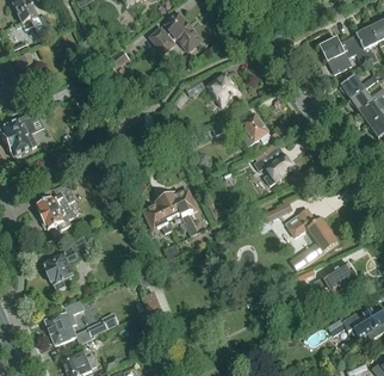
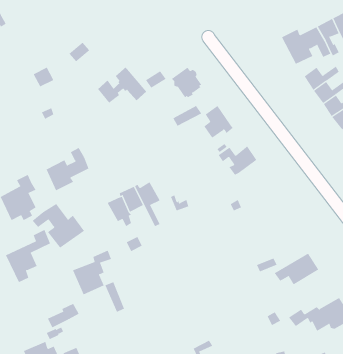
building: [149,16,199,53] -> [97,67,147,103]
building: none -> [46,147,89,191]
building: [284,208,336,270] -> none
building: none -> [32,203,85,248]
building: [44,300,83,345] -> [72,250,112,295]

